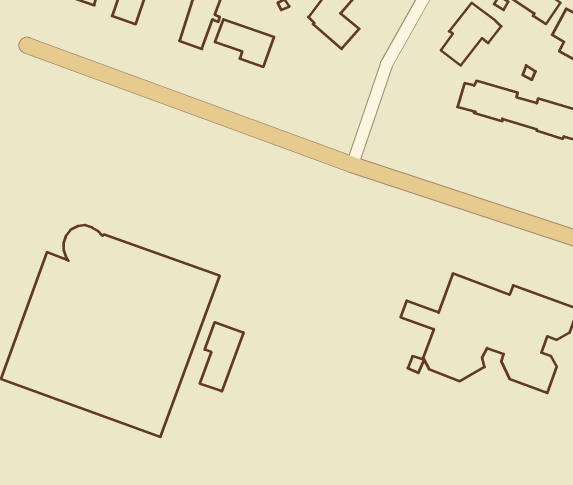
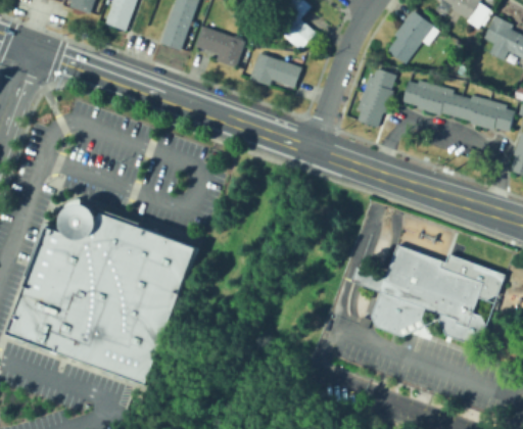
building: none -> [249,52,302,88]
building: none -> [355,65,395,126]
building: [200,322,243,391] -> none

